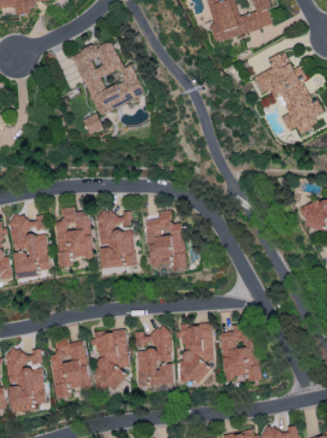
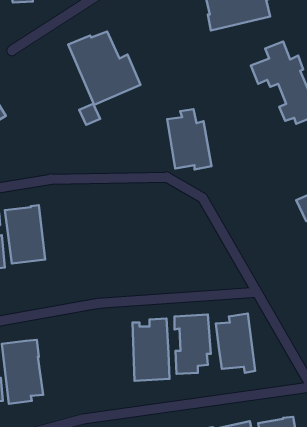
building: [54,207,93,267] -> none
building: [97,211,136,269] -> none
building: [144,211,188,271] -> [167,109,211,169]
building: [92,330,130,389] -> none
building: [49,341,91,400] -> none

